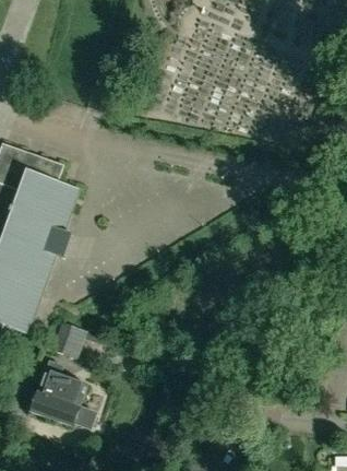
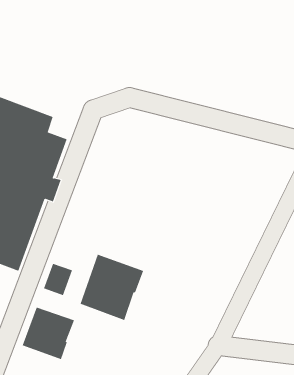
building: none -> [80,254,144,321]

